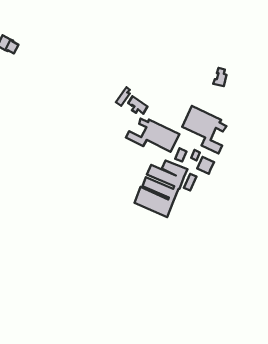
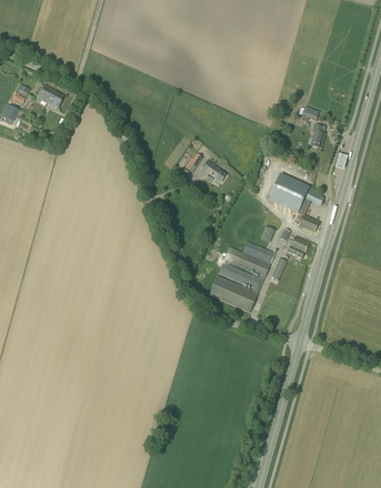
building: [126,119,180,152] -> none

